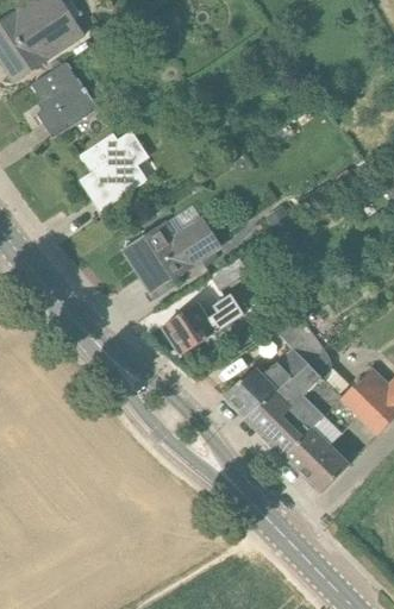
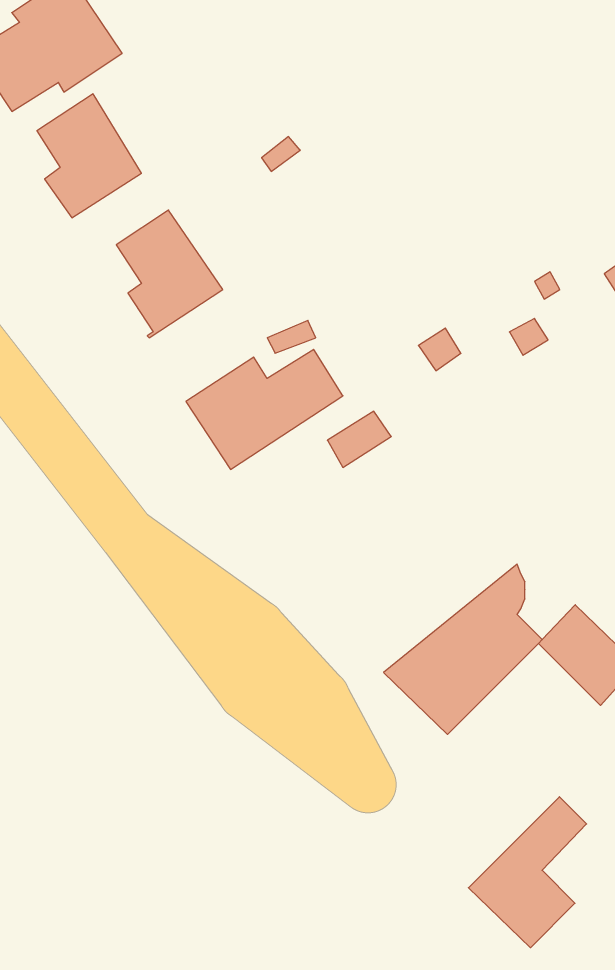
building: [161,282,259,354] -> none
building: [221,313,326,416] -> none
building: [283,398,356,491] -> [468,797,587,948]

